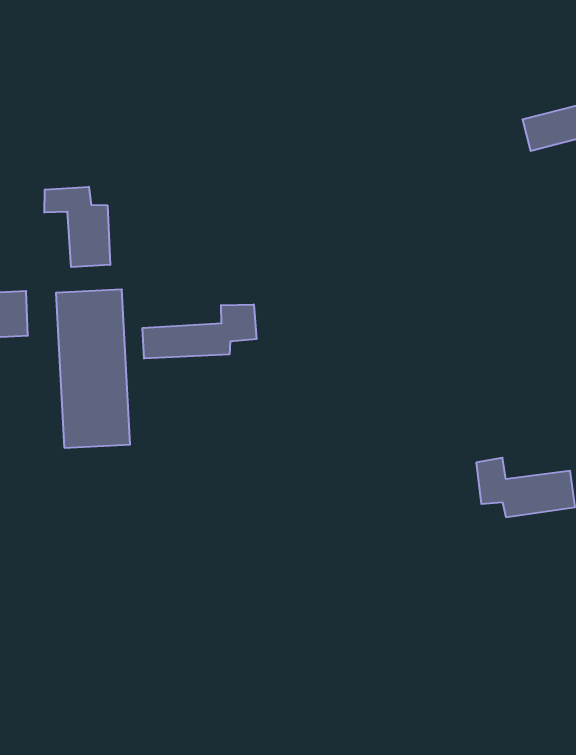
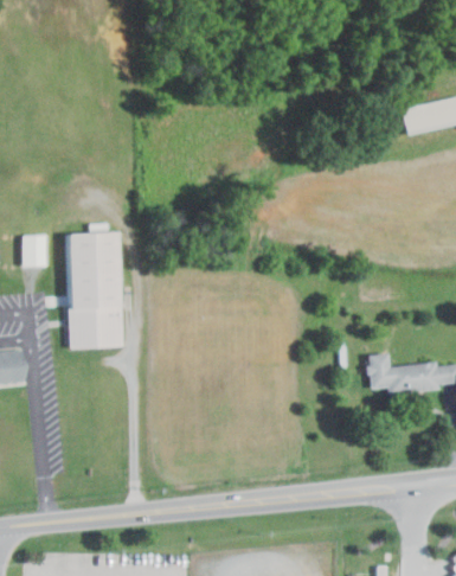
building: [44,187,110,267] -> none
building: [143,304,256,359] -> none

